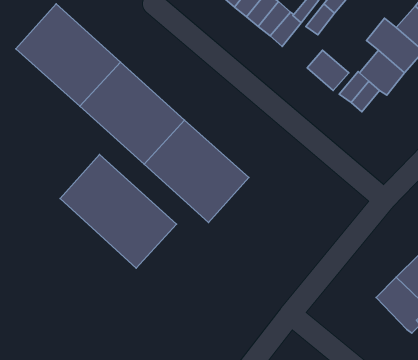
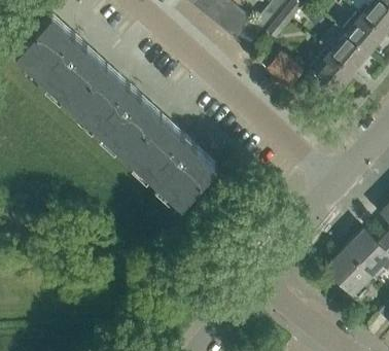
building: [60,154,177,268] -> none

